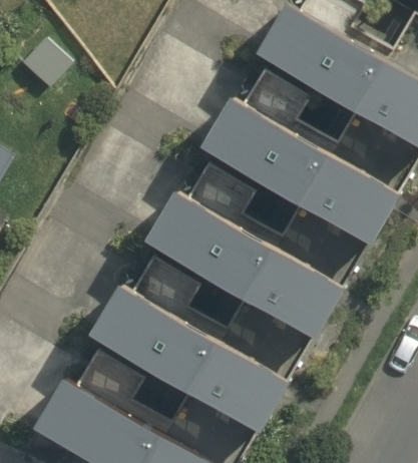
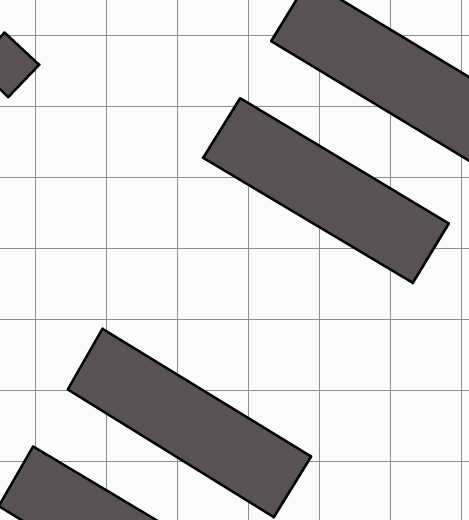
building: [144,191,342,342] -> none

